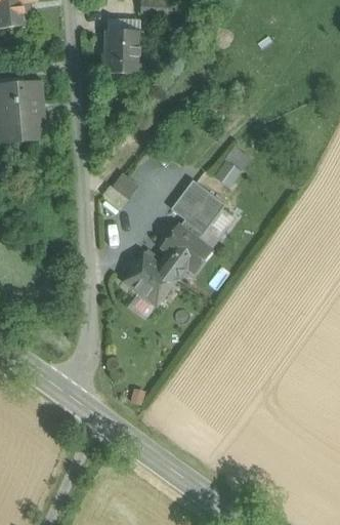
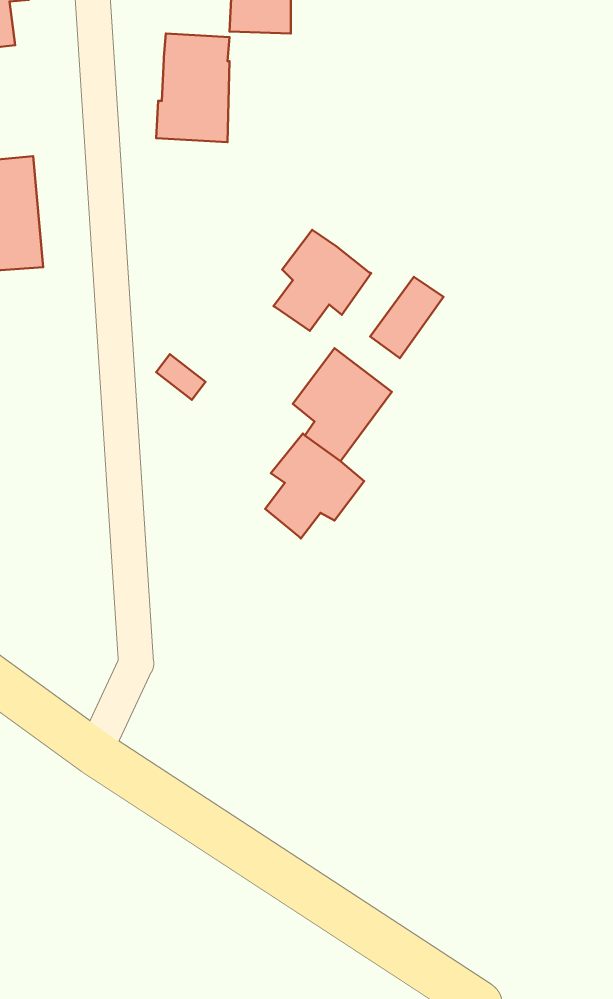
building: none -> [274,230,371,331]
building: [123,253,176,306] -> none

